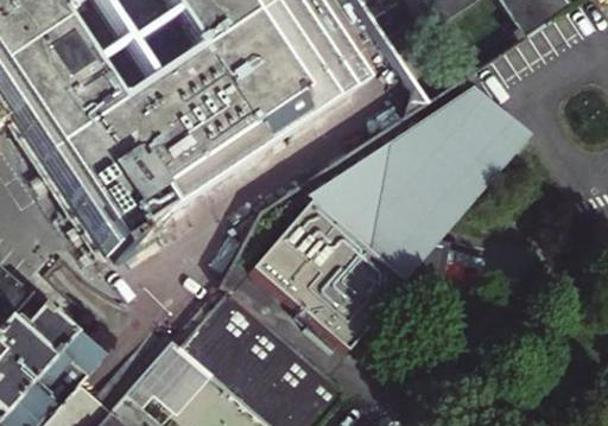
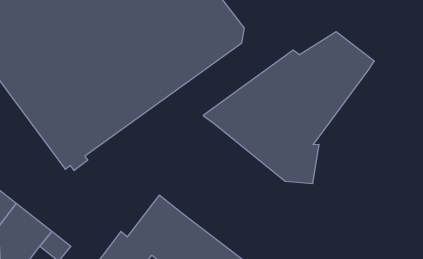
building: [252,199,401,349] -> none

